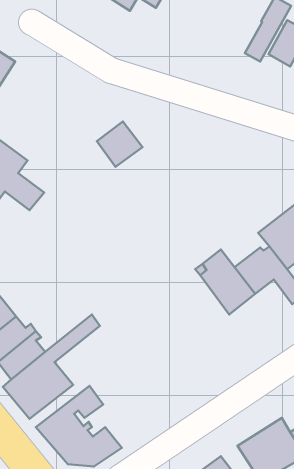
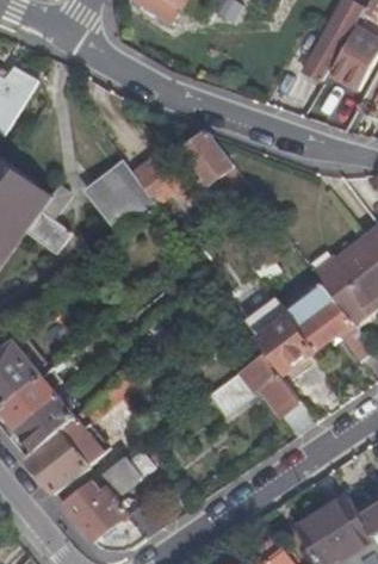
building: none -> [179,131,231,185]
building: none -> [85,160,156,236]
building: none -> [209,354,315,435]

